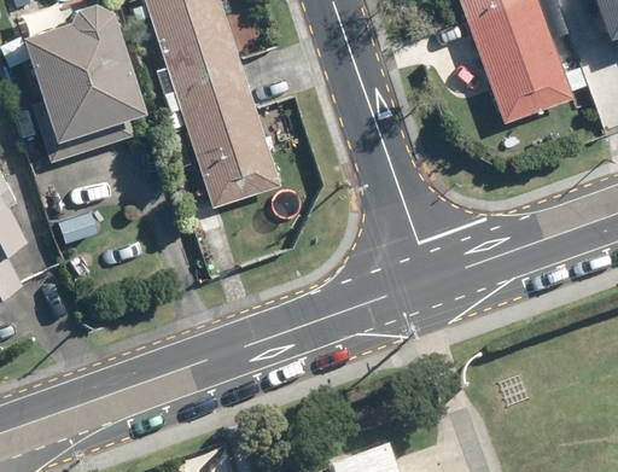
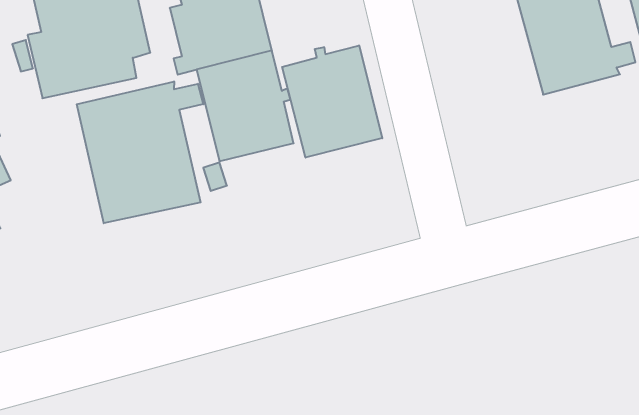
building: none -> [282,45,382,158]
building: none -> [77,81,203,223]

